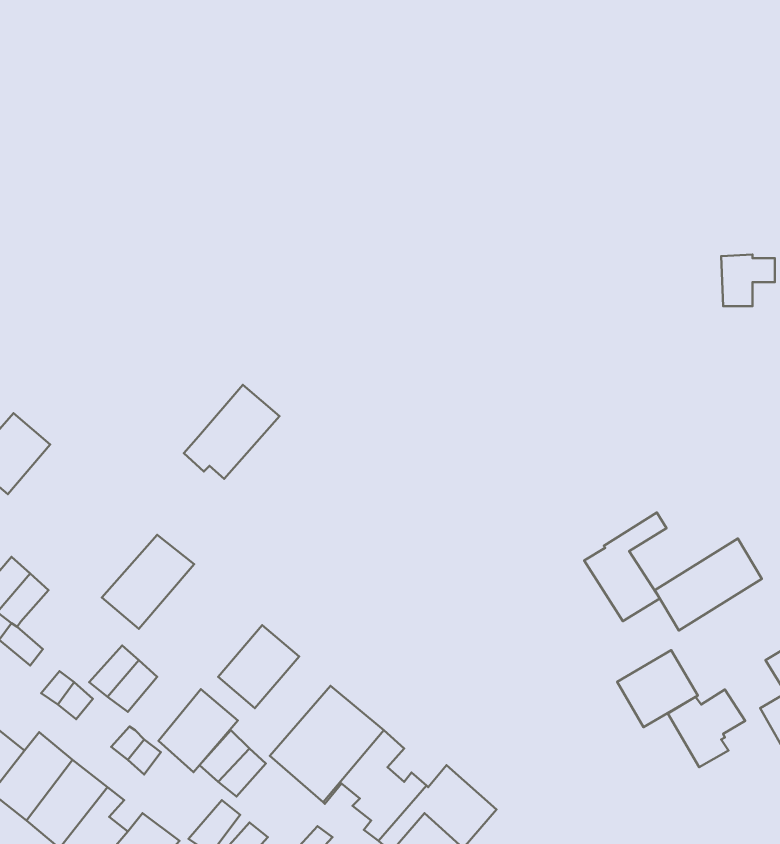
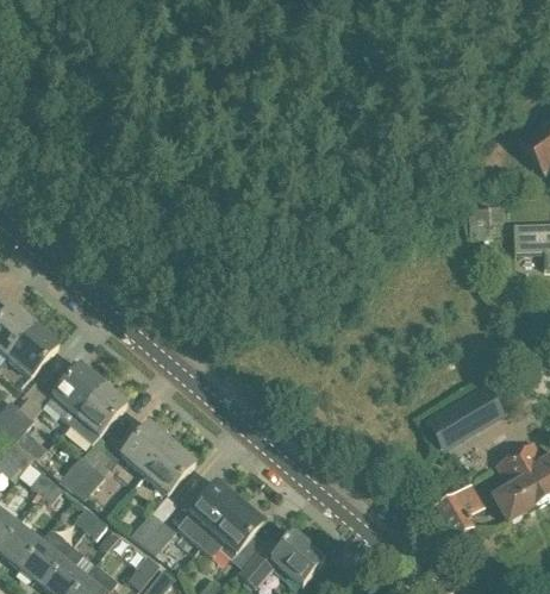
building: [184,385,280,479] -> [43,364,105,425]
building: none -> [8,326,60,379]
building: [584,513,666,621] -> none
building: [617,650,698,727] -> none
building: [159,689,238,772] -> [121,423,173,476]

